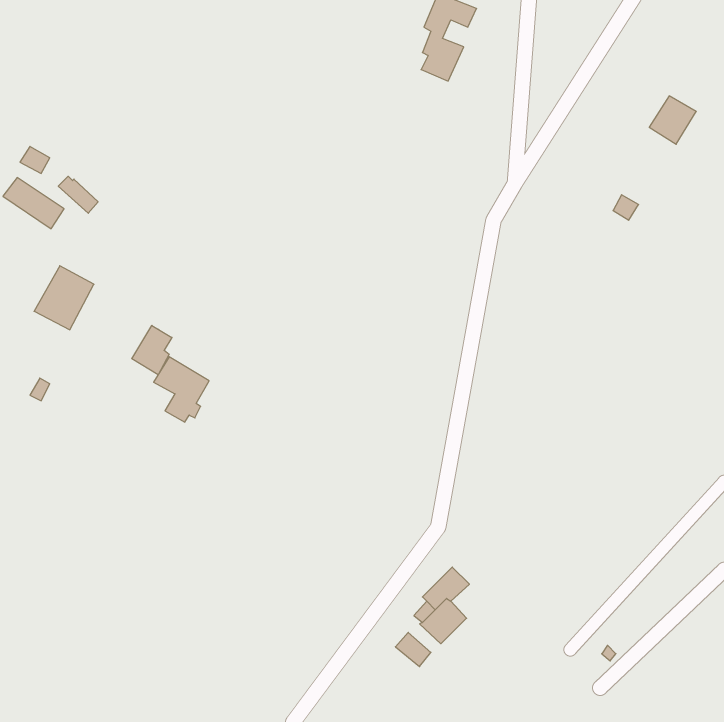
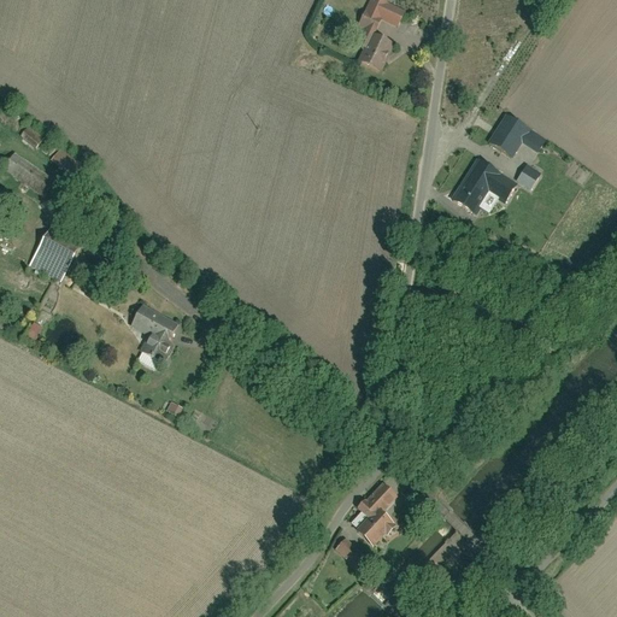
building: [649,96,696,144] -> [488,114,528,155]
building: none -> [449,157,517,215]
building: [132,325,172,375] -> none

